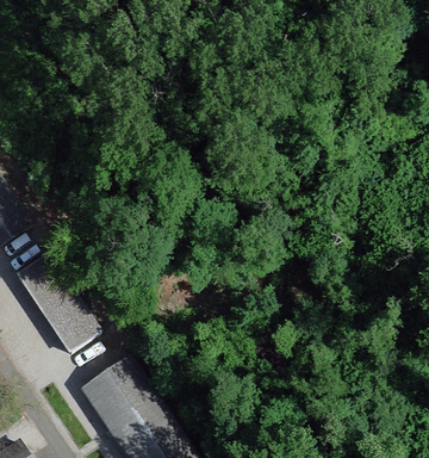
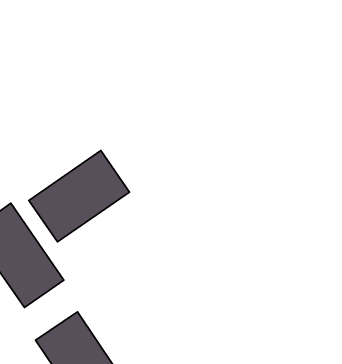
building: none -> [29,151,129,242]

